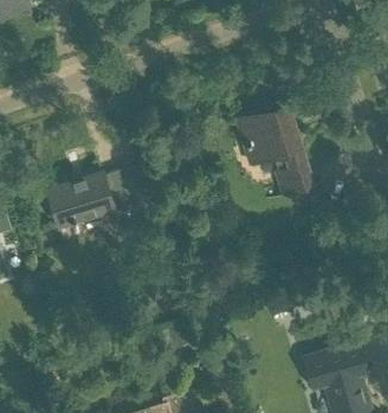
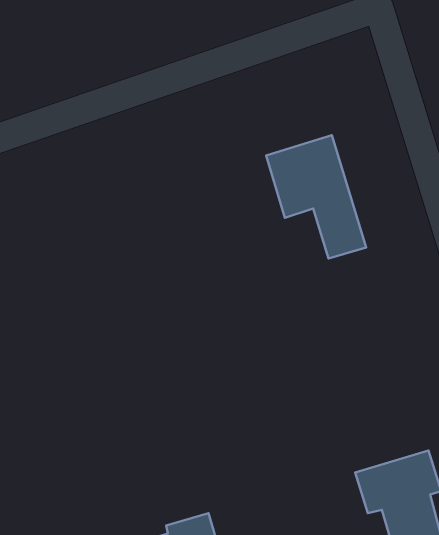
building: [45,168,151,232] -> none

